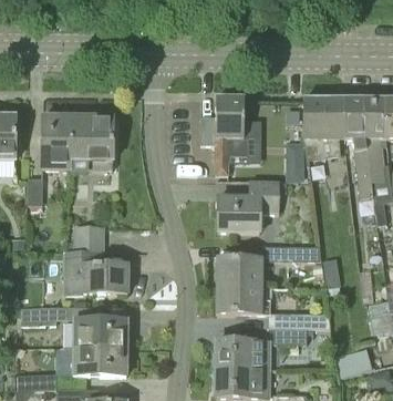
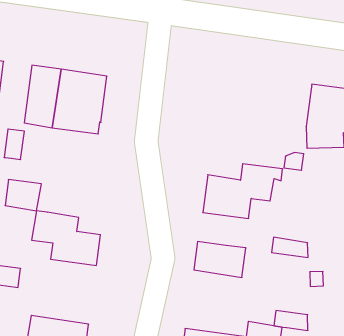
building: [200,97,248,173] -> none
building: [74,225,105,250] -> [5,180,41,211]
building: [217,285,270,312] -> none
building: [72,319,126,348] -> none

